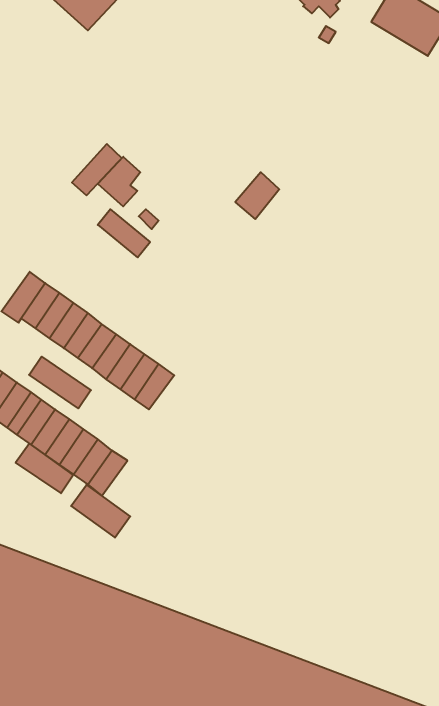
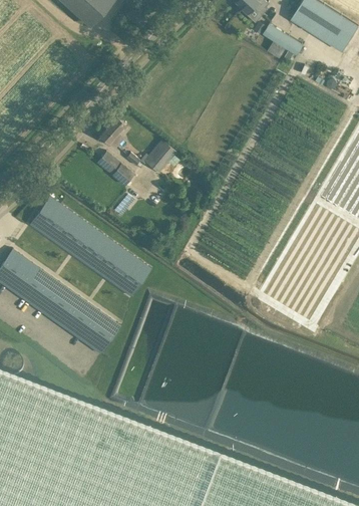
building: none -> [263,24,304,61]
building: [72,144,122,195] -> none
building: [235,172,279,219] -> [145,141,176,174]
building: [29,357,91,408] -> none
building: [16,444,73,493] -> none
building: [71,485,130,538] -> none

